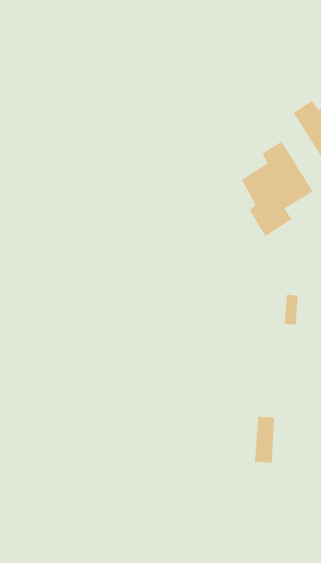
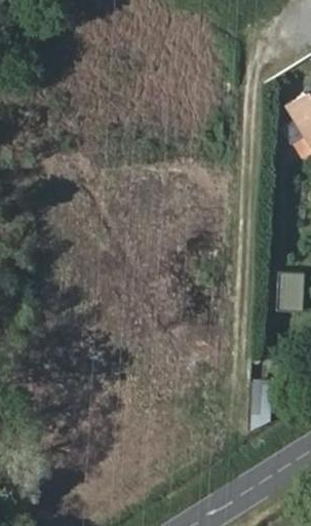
building: [241,141,313,237] -> none

